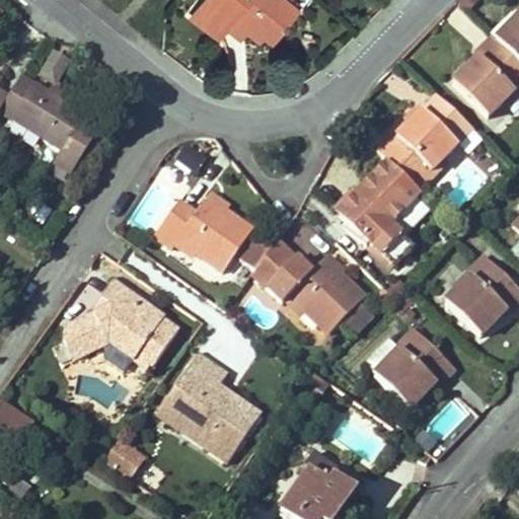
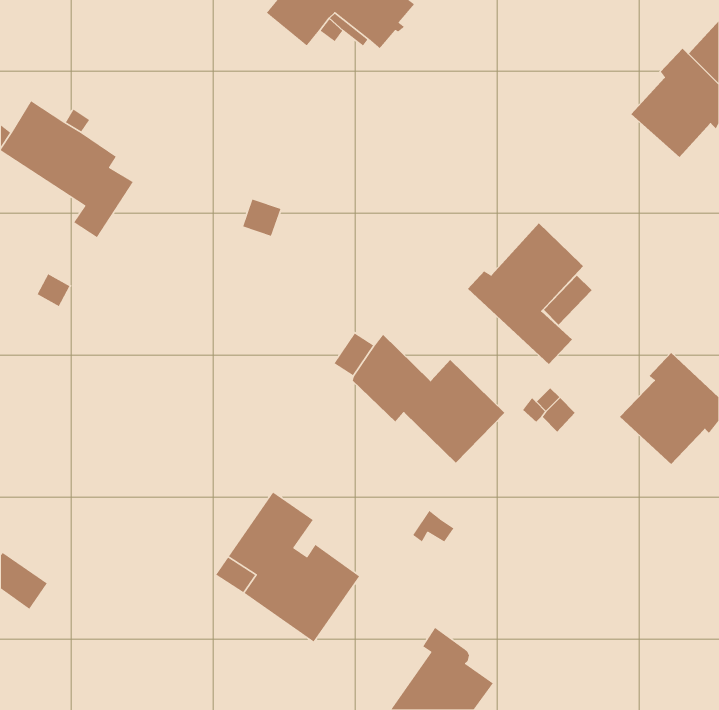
building: [377,94,473,190] -> none
building: [156,199,253,272] -> none
building: [61,278,177,369] -> none
building: [376,326,456,406] -> none
building: [101,435,147,478] -> none

